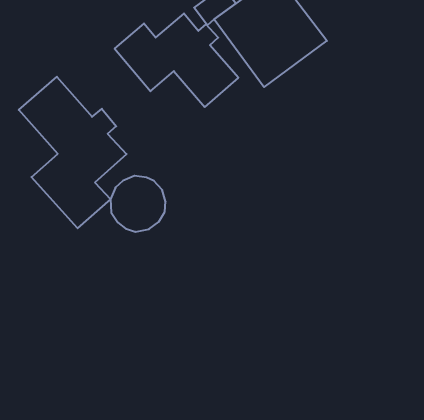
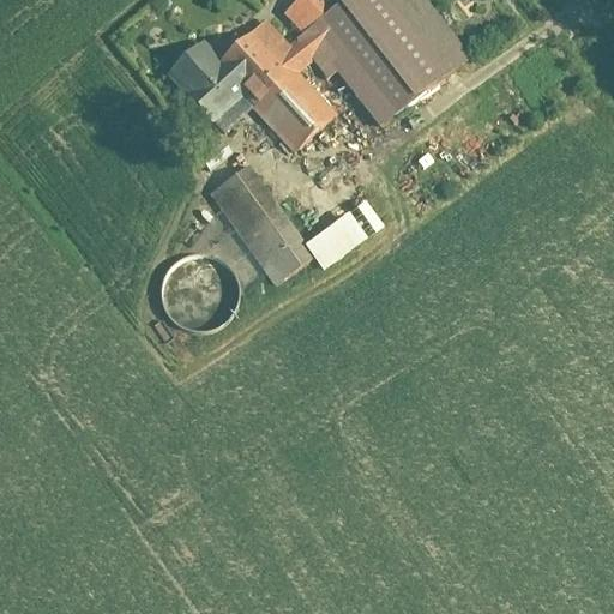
building: [19,77,127,228] -> none
building: none -> [209,164,384,283]

